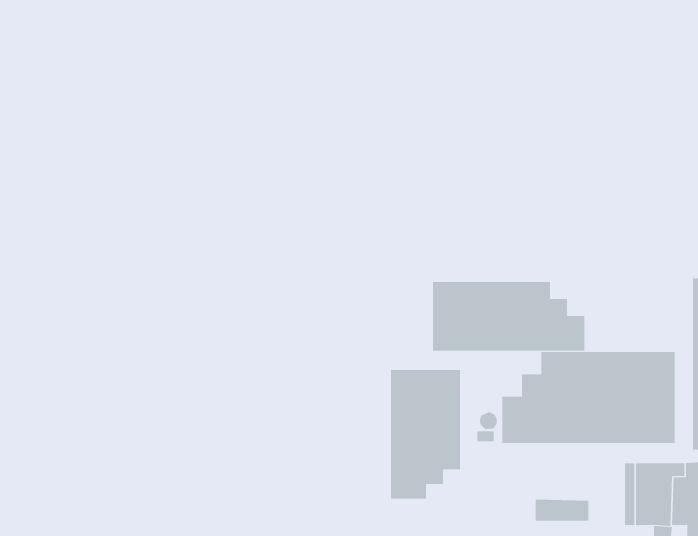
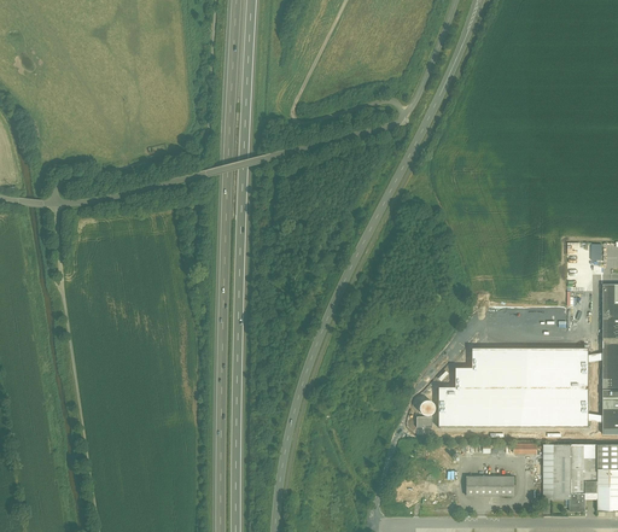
building: [433,281,585,352] -> none
building: [390,369,461,500] -> none

